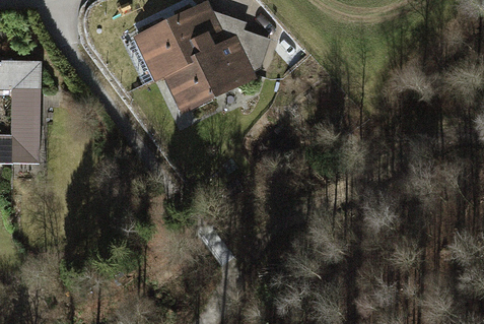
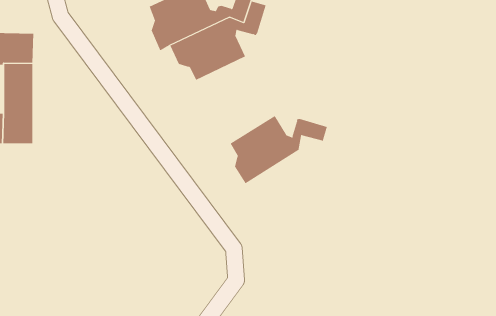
building: none -> [230,115,327,184]

